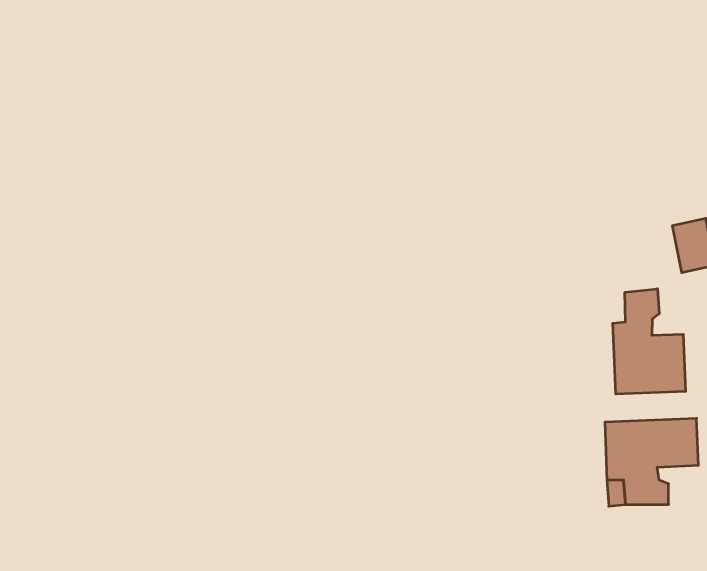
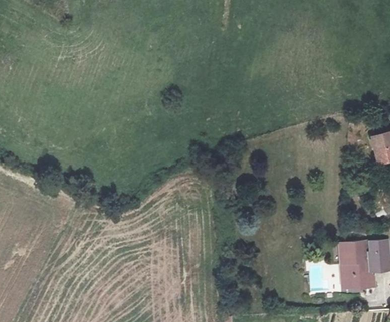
building: [613,289,686,394] -> none

